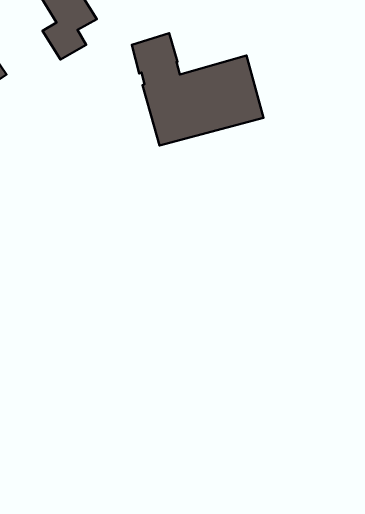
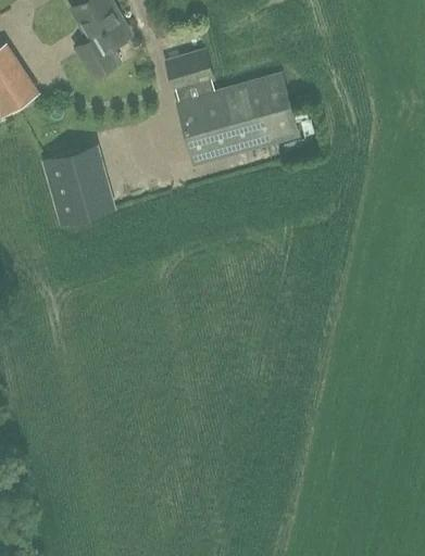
building: none -> [45,147,109,224]

